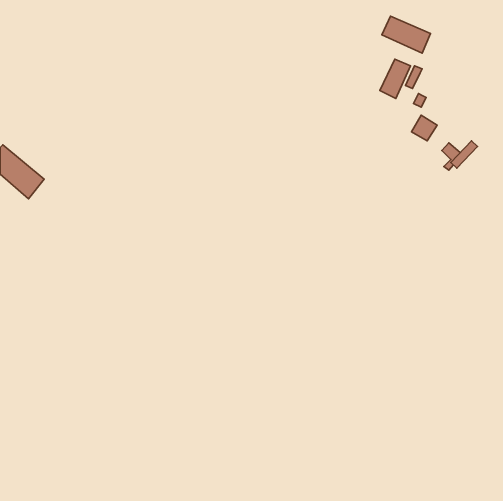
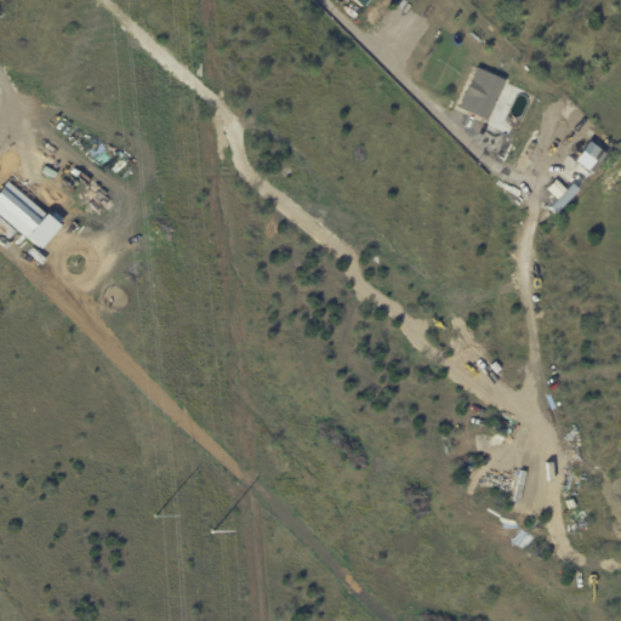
building: [382,16,430,53] -> none
building: [411,115,437,141] -> [574,138,605,170]

